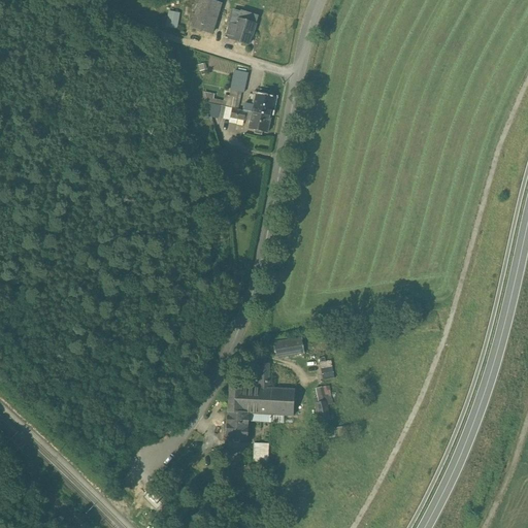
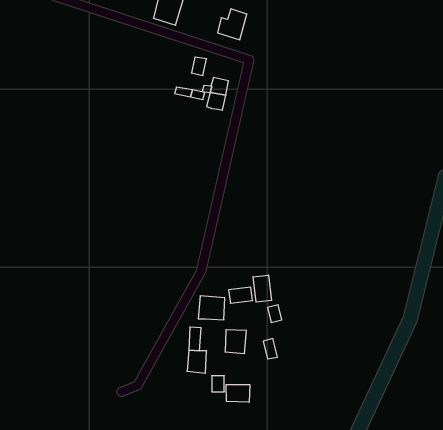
building: [227,7,261,43] -> [218,9,247,40]
building: none -> [253,275,272,302]
building: [240,385,271,412] -> [198,296,225,320]
building: none -> [226,385,250,402]

